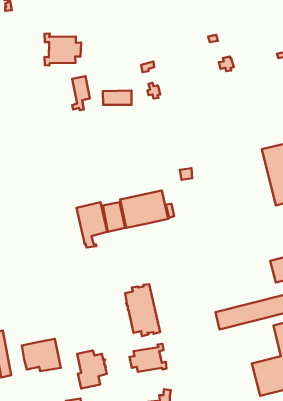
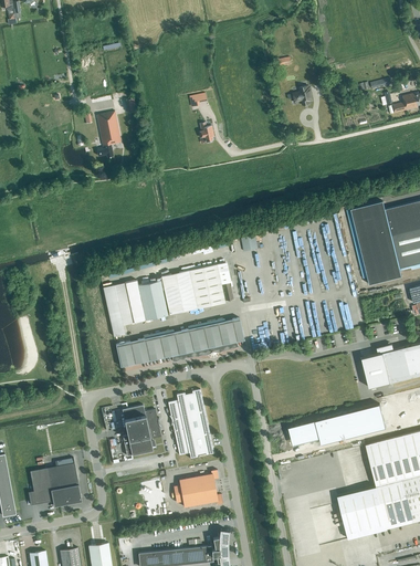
building: [44,34,81,65] -> none
building: [103,90,132,105] -> none
building: none -> [115,318,244,367]
building: [77,351,107,389] -> [122,406,161,457]

